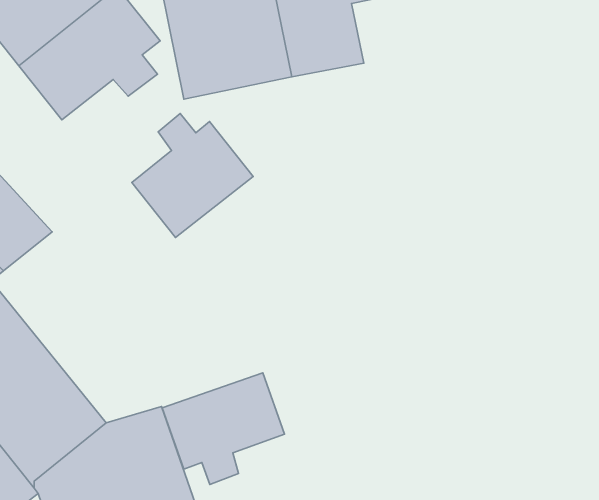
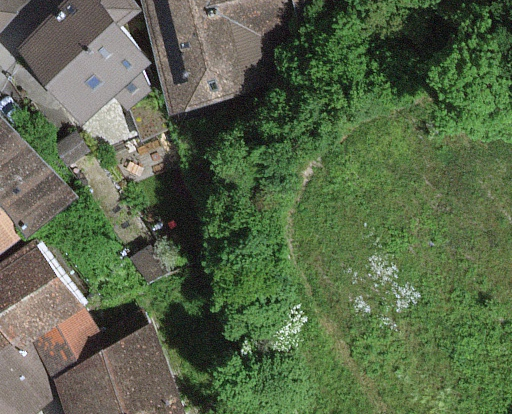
building: [132,113,253,237] -> none
building: [162,373,285,484] -> none

